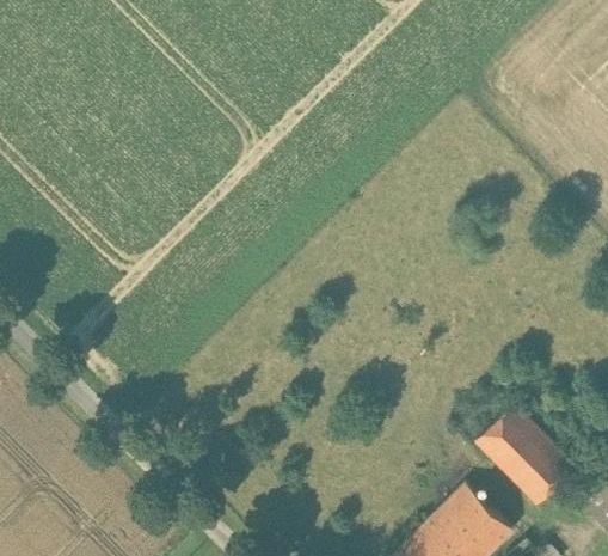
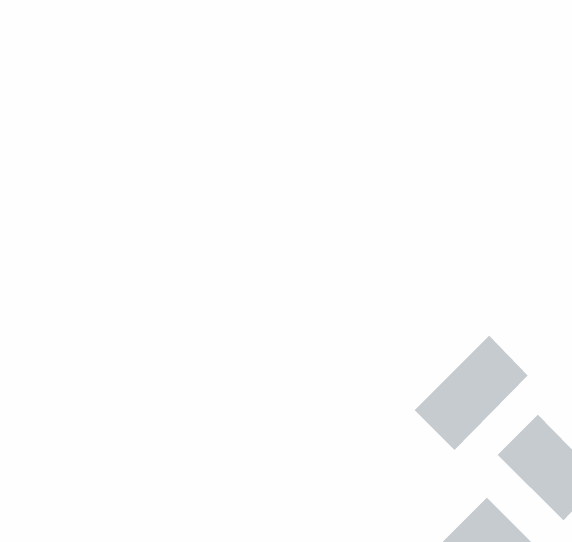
building: none -> [414,335,529,451]

